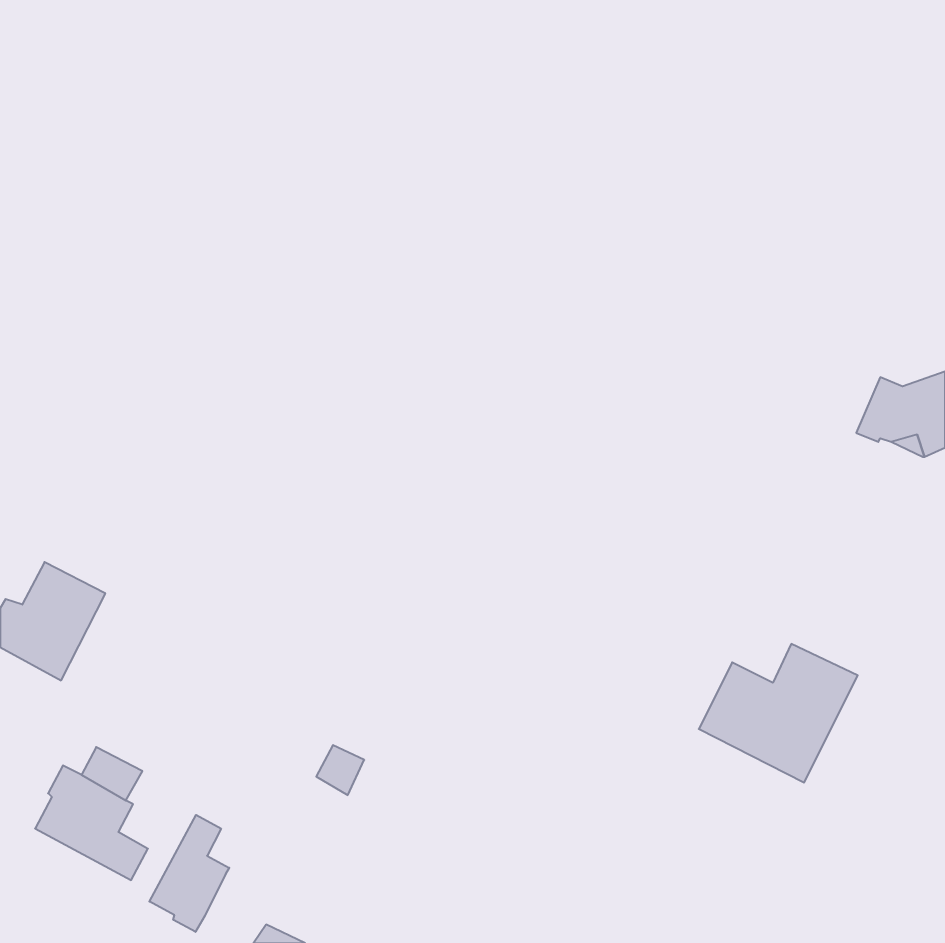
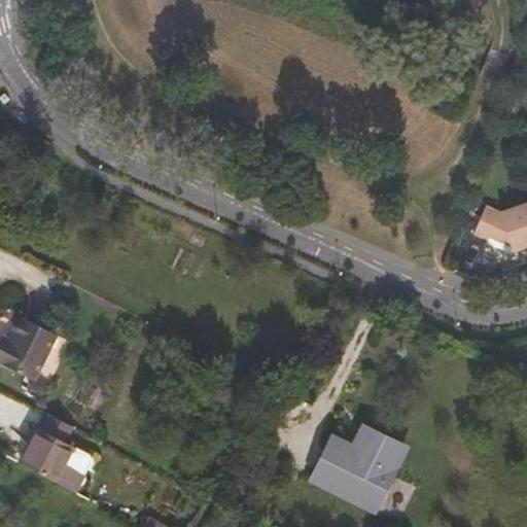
building: [699,644,858,783] -> [313,428,401,505]
building: [149,815,229,932] -> none

